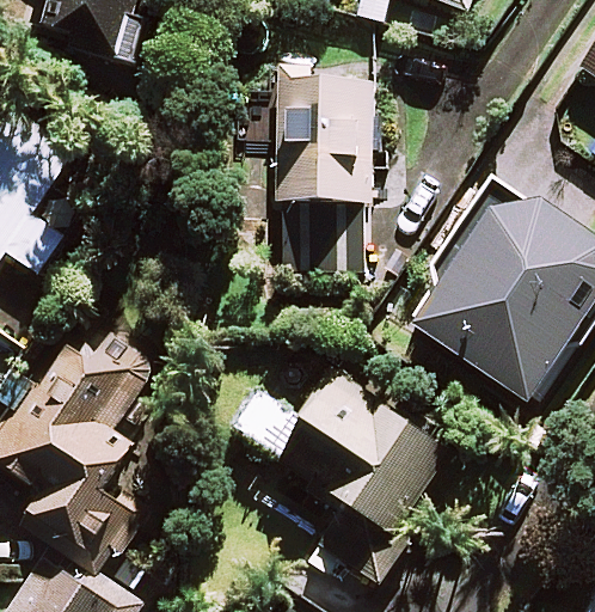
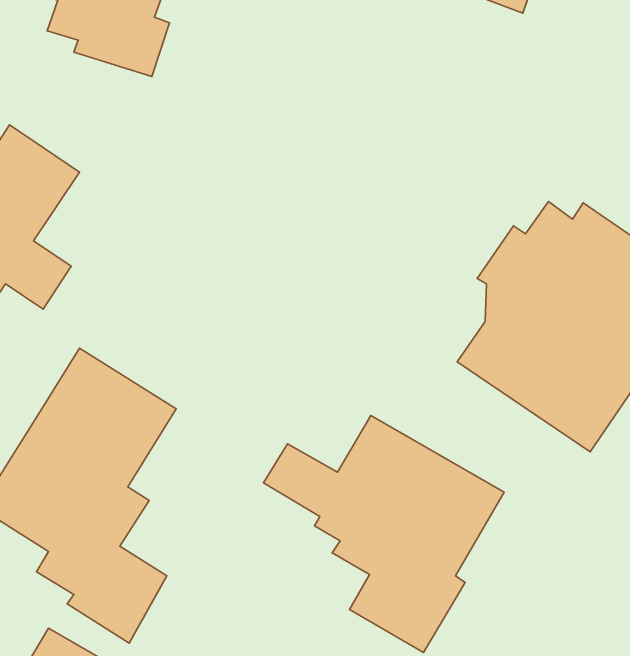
building: [272,81,375,280] -> none

